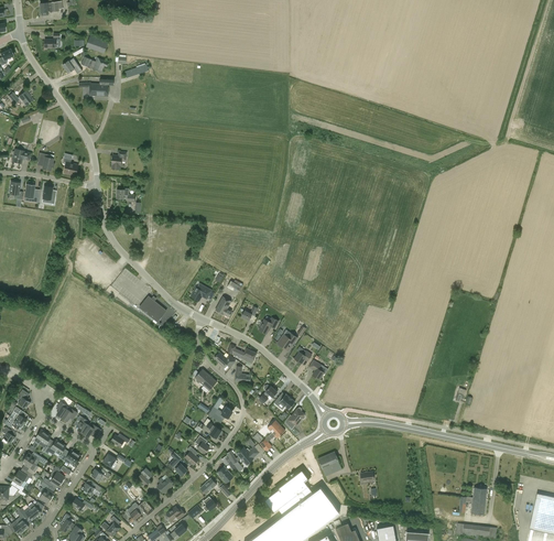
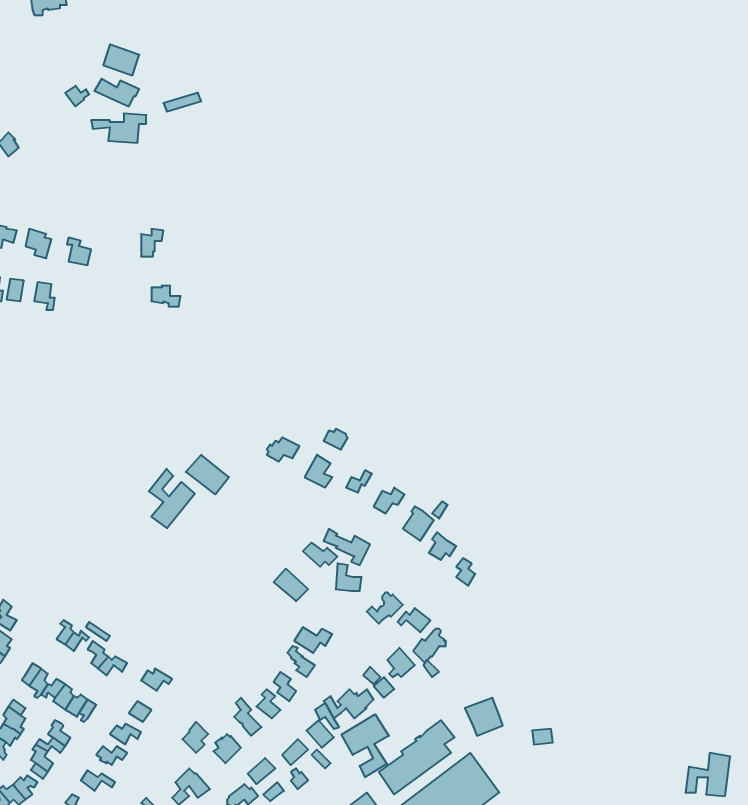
building: none -> [149,469,195,528]
building: none -> [341,714,389,777]

